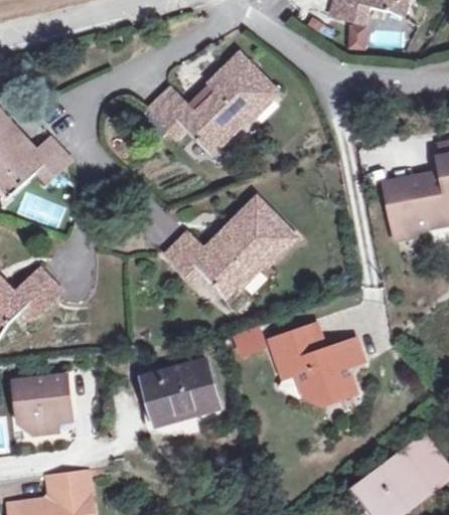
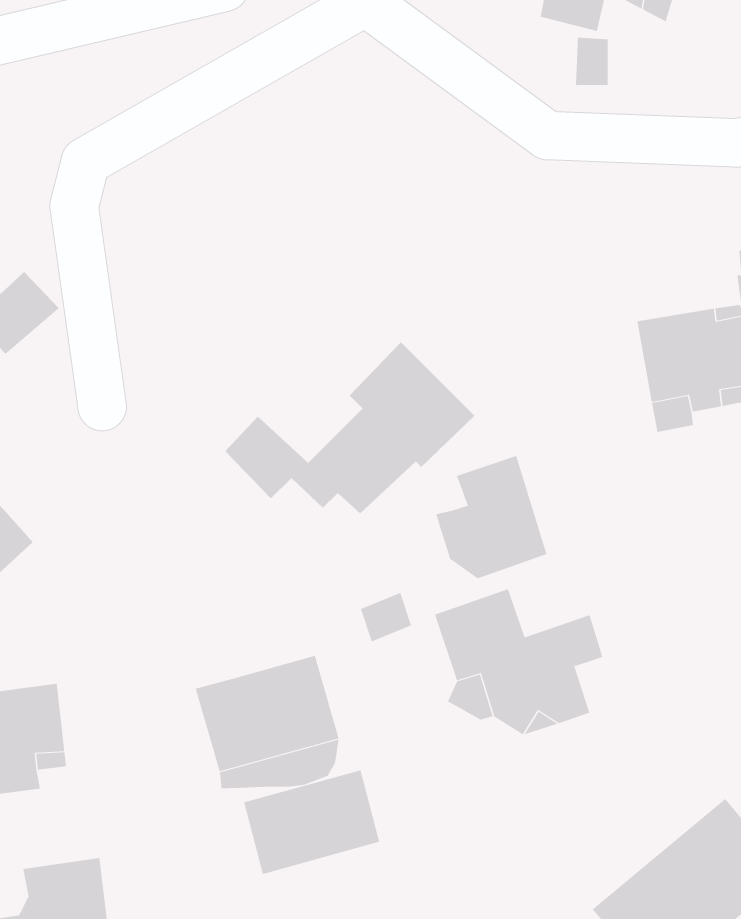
building: [142,58,275,143] -> none
building: none -> [435,455,547,579]
building: none -> [243,769,380,875]

